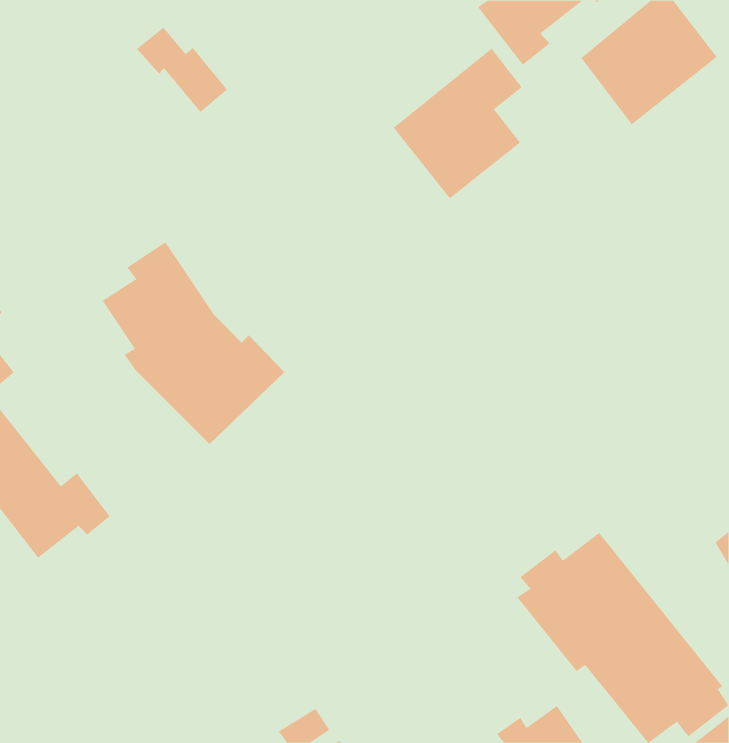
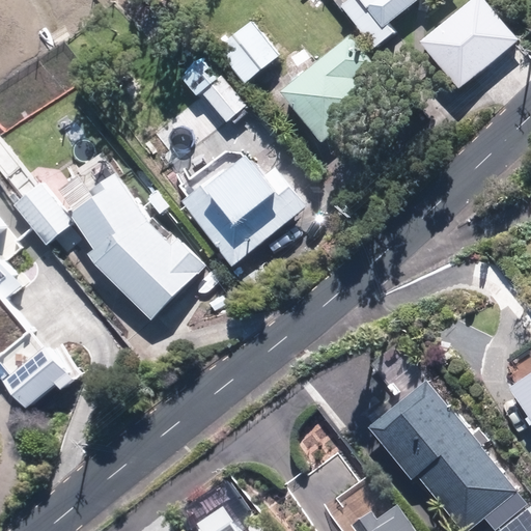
building: [136,27,228,113] -> [177,61,243,122]
building: none -> [216,22,278,83]
building: none -> [181,155,306,263]
building: none -> [7,184,67,246]

